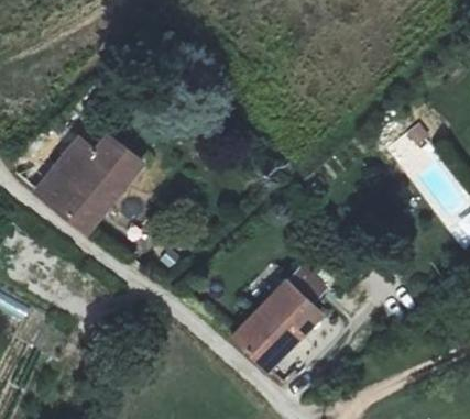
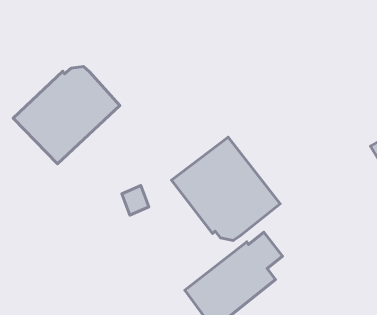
building: none -> [172,137,280,240]

